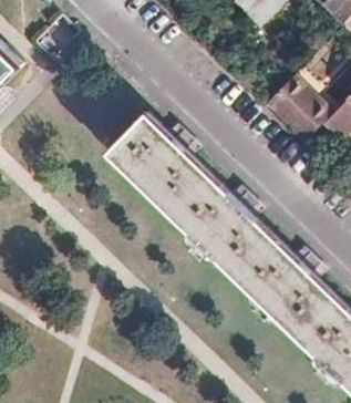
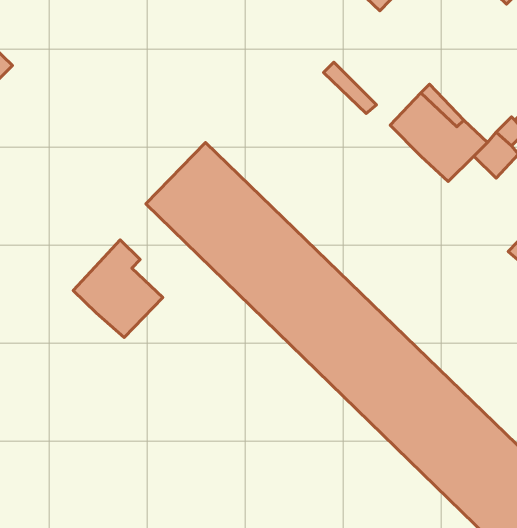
building: none -> [73,240,163,338]

